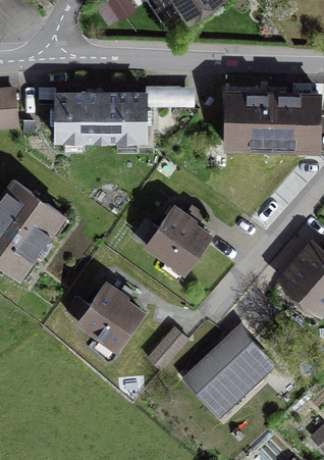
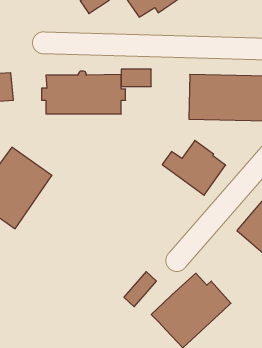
building: [134,207,210,272] -> [162,140,226,195]
building: [66,285,143,349] -> none

